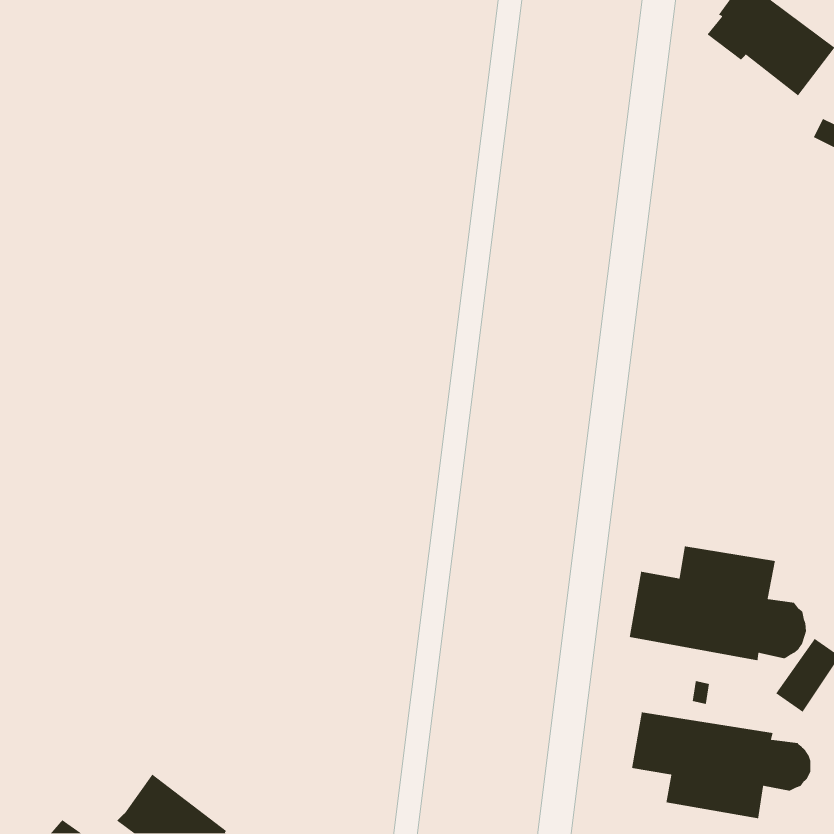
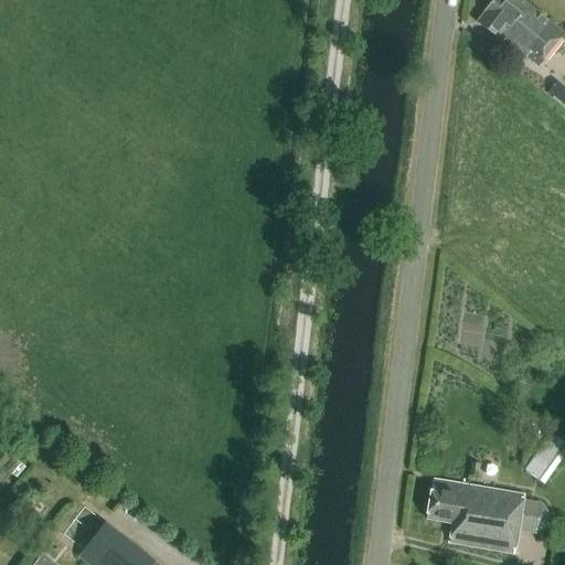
building: [629,545,807,661] -> none

